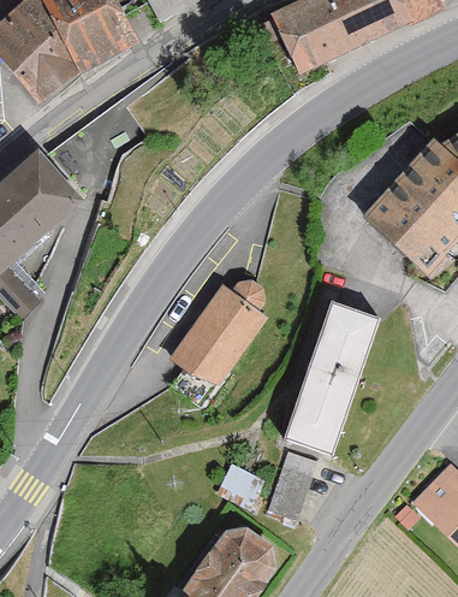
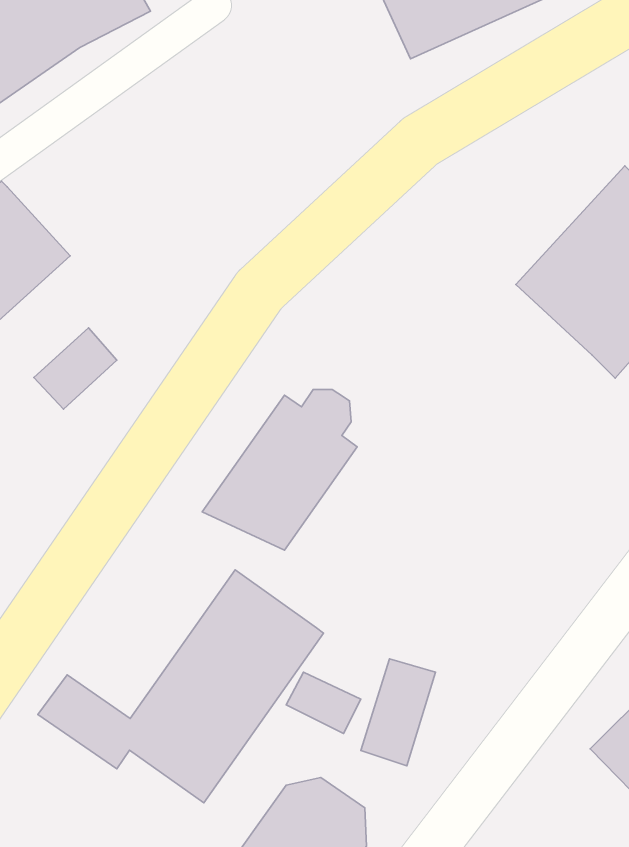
building: none -> [34,328,117,409]
building: [286,303,376,450] -> none
building: none -> [38,570,323,803]

